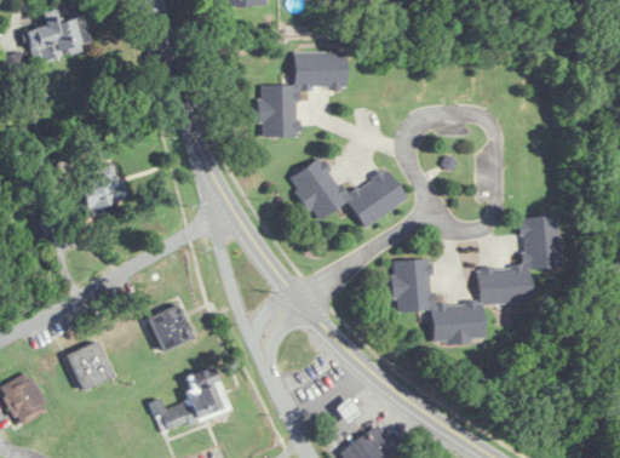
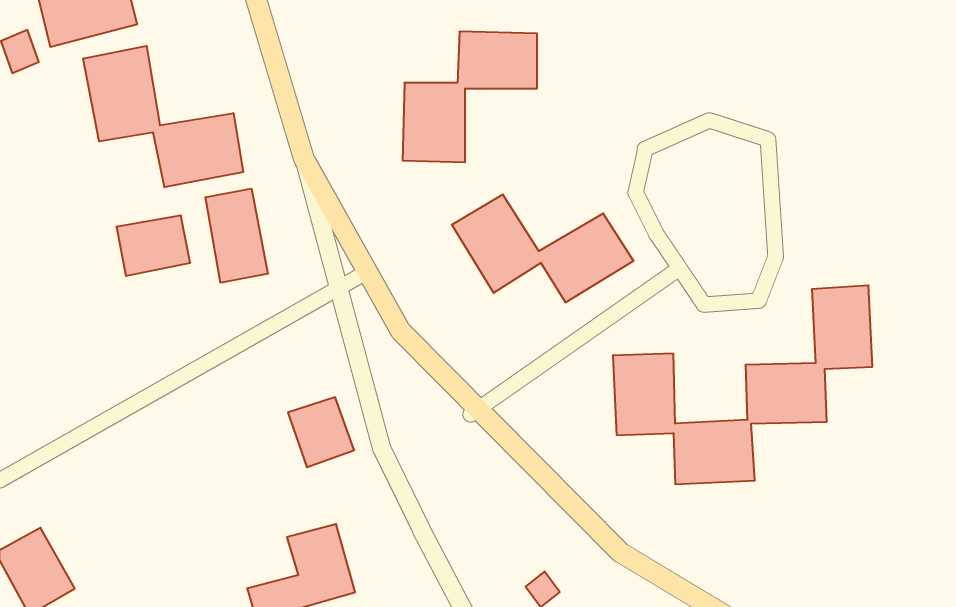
building: none -> [83,46,243,187]
building: none -> [206,189,268,283]
building: [149,305,191,350] -> [288,397,354,467]
building: [67,340,114,390] -> none

